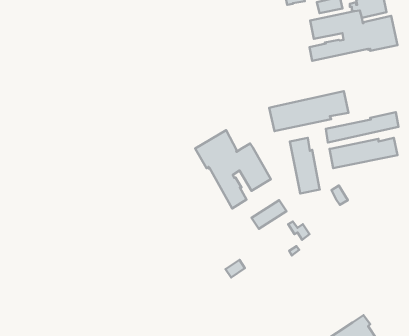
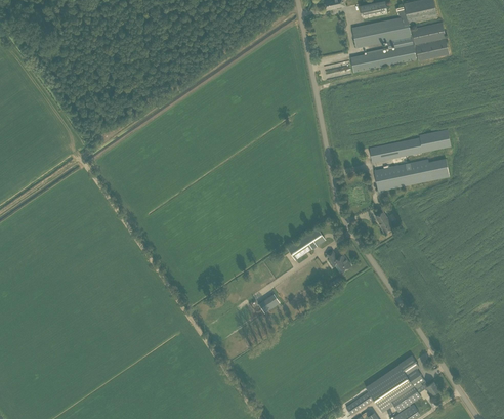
building: [269,91,348,131] -> none
building: [195,130,271,208] -> none
building: [290,138,320,194] -> none

